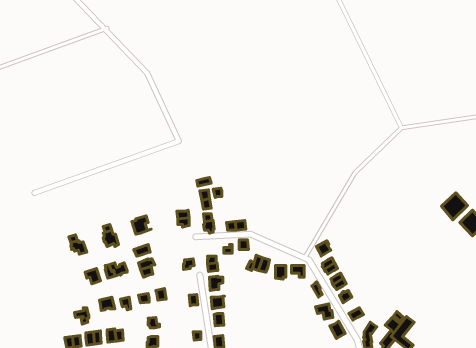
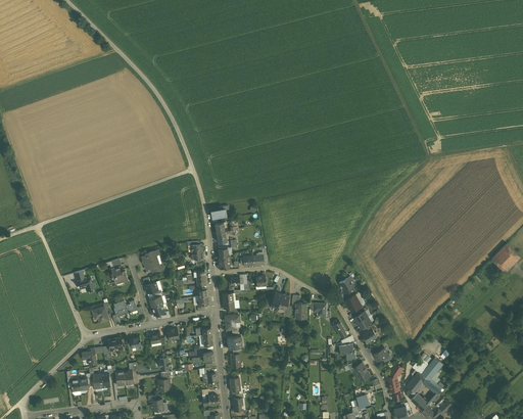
building: [441,193,467,220] -> none

